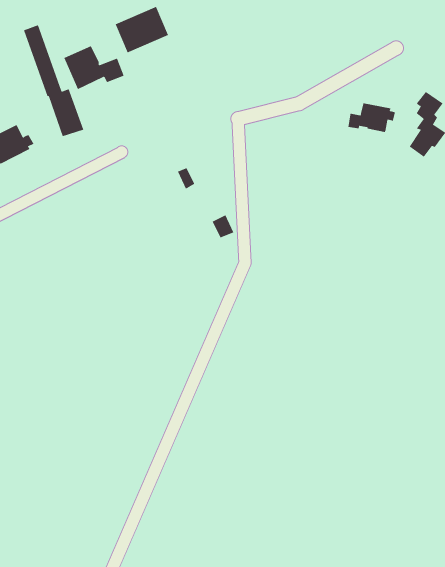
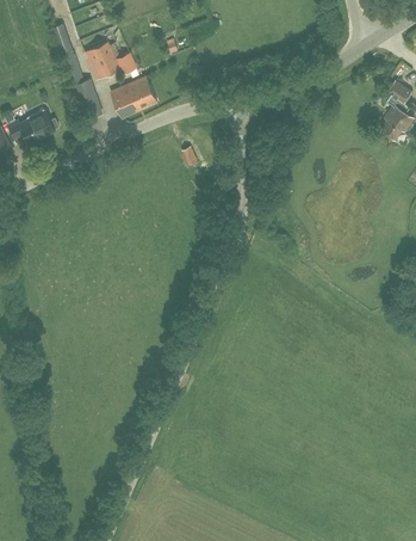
building: [115,6,169,53] -> [111,76,157,117]
building: [348,102,395,133] -> none

